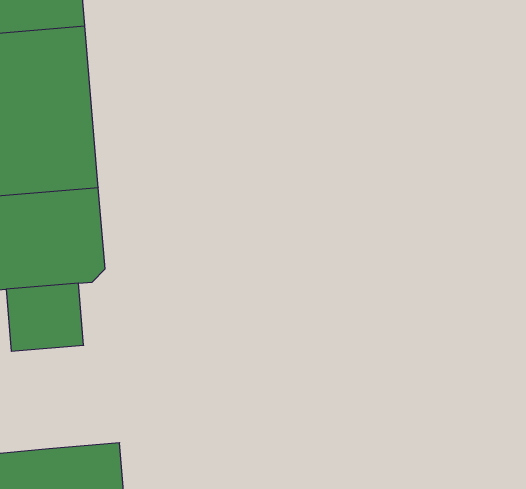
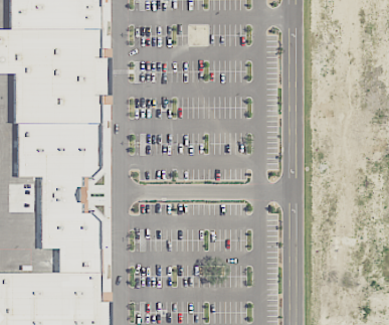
building: none -> [41,212,100,271]

